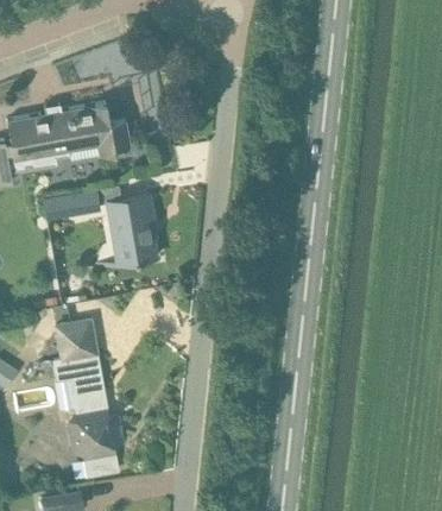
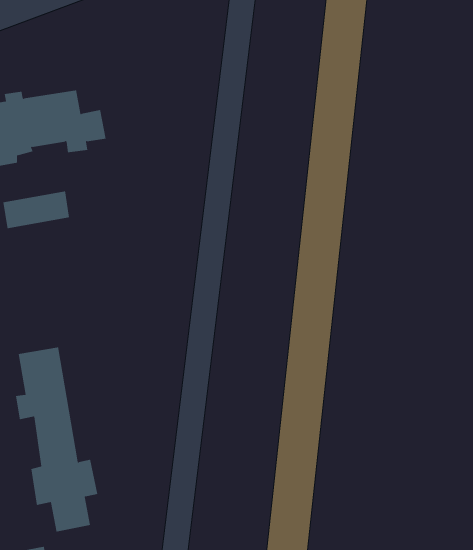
building: [100,196,156,269] -> none

